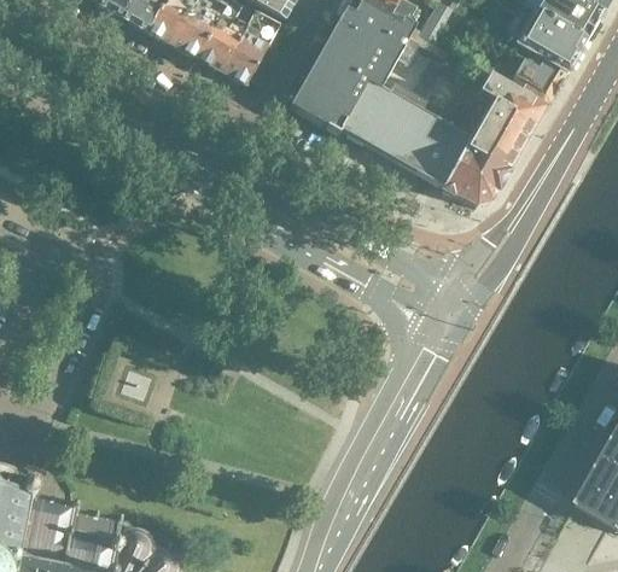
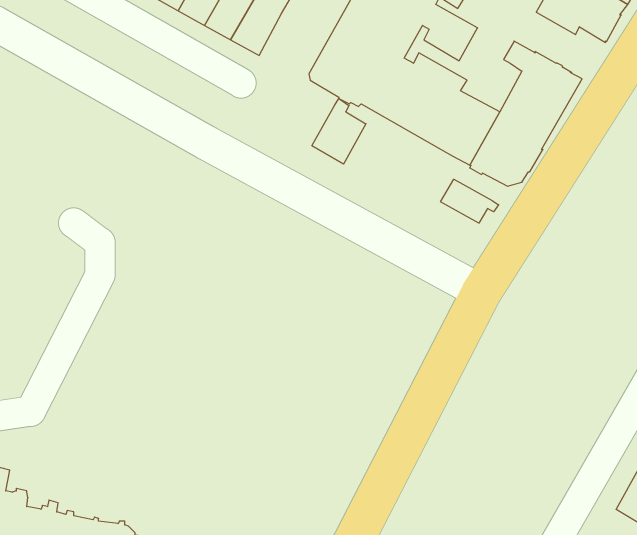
building: [496,51,565,104] -> none
building: none -> [312,99,366,164]
building: none -> [441,179,499,223]

